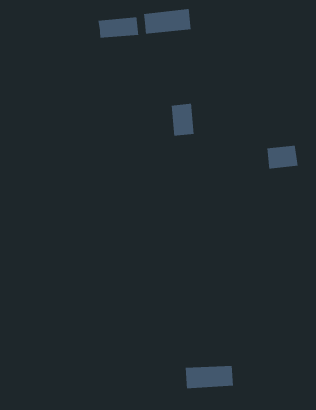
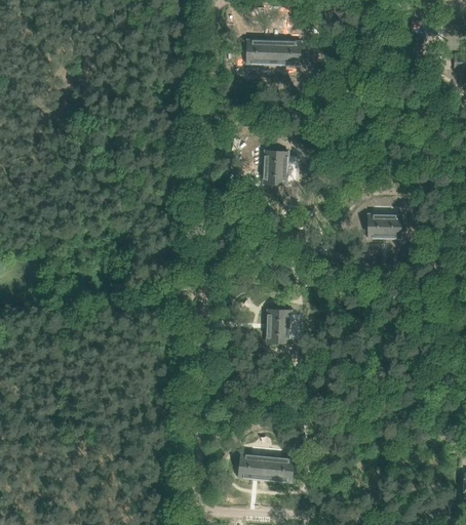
building: [98,16,139,39] -> none
building: none -> [267,307,293,342]

